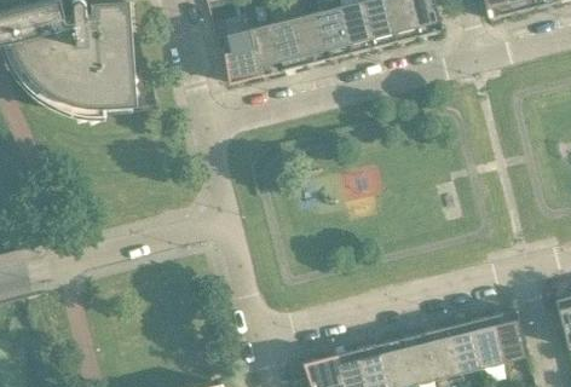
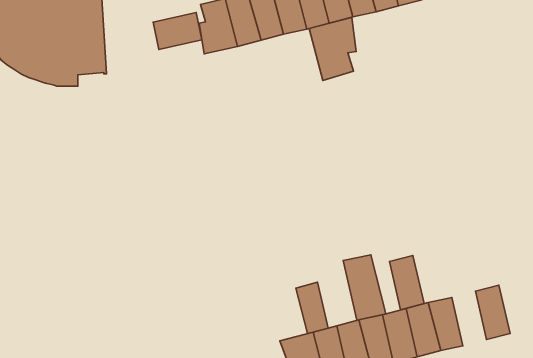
building: none -> [153,12,202,50]
building: none -> [309,18,356,81]
building: none -> [343,255,386,320]
building: none -> [296,282,328,334]
building: [471,314,504,368] -> [389,255,424,310]

